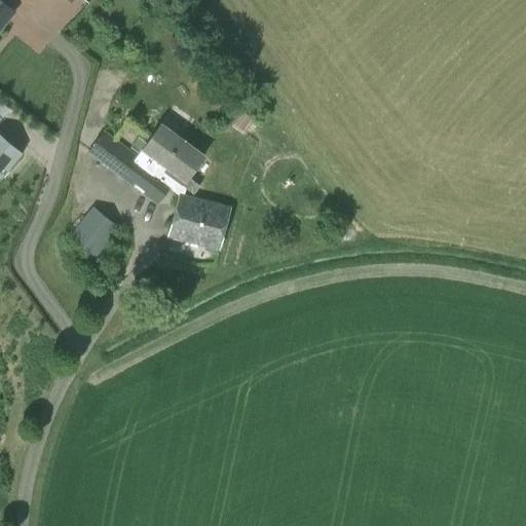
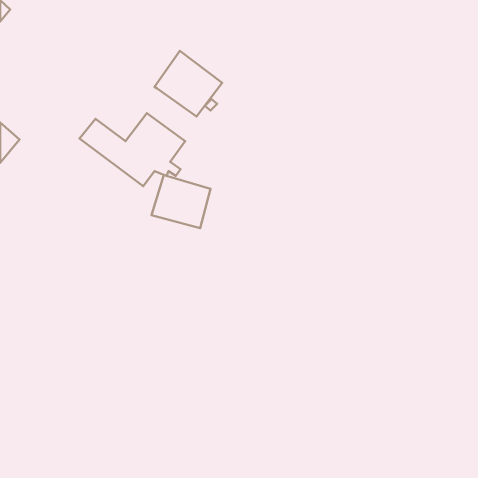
building: none -> [155,51,222,117]
building: [73,201,122,251] -> none

